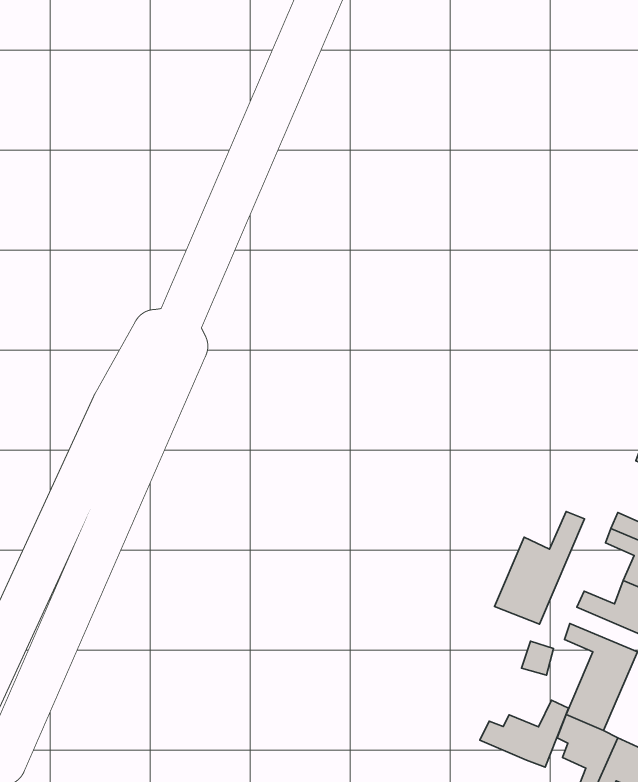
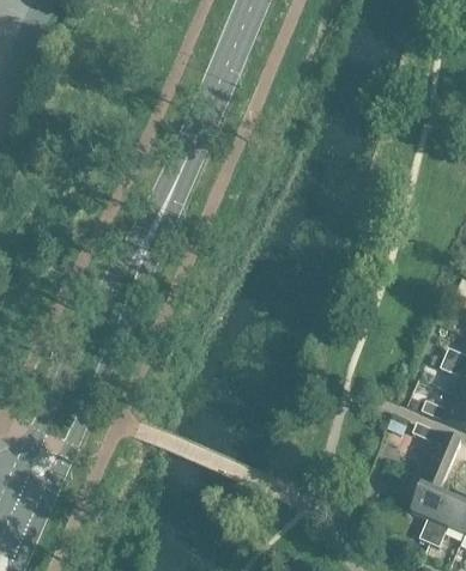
building: [494,511,584,624] -> none
building: [480,700,569,767] -> none

